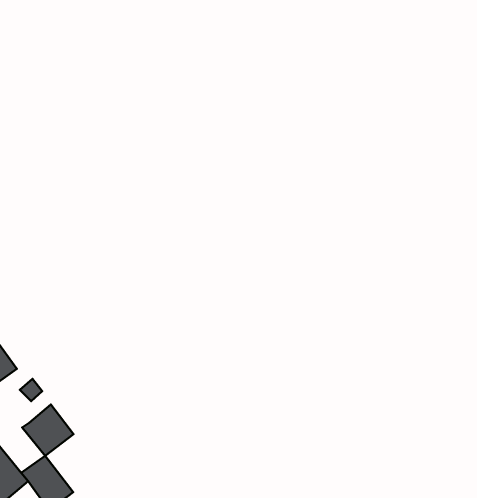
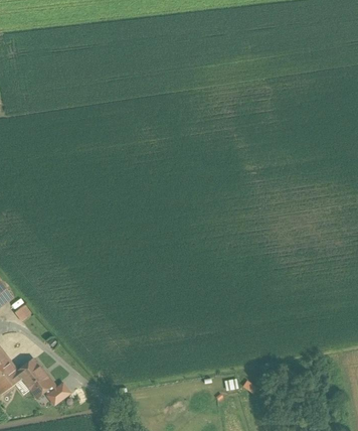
building: [22,404,73,456] -> none

